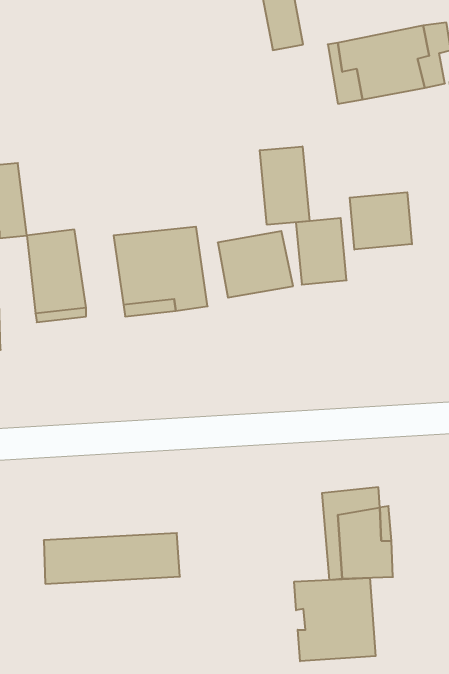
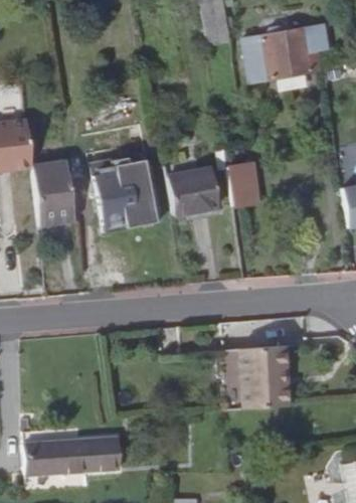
building: [260,146,309,225] -> none
building: [350,192,412,250] -> none
building: [44,533,180,584] -> [24,437,119,472]
building: [294,578,376,661] -> none

